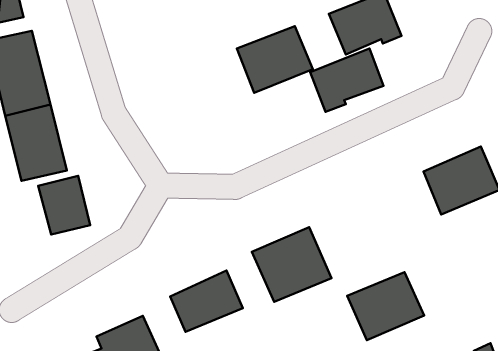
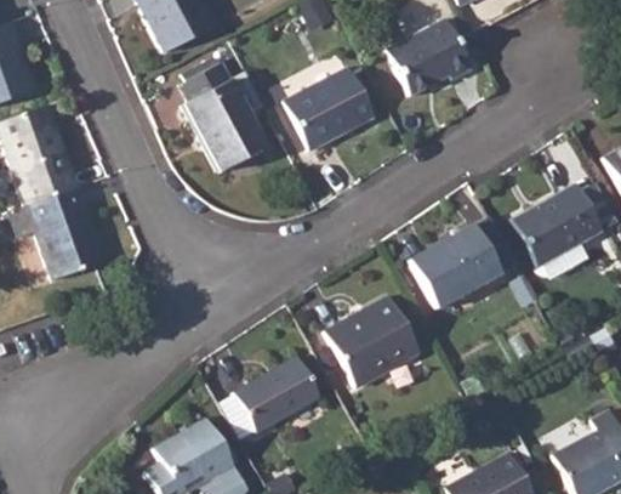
building: none -> [176,61,266,170]
building: [310,49,383,112] -> none
building: [38,176,90,235] -> none
building: [347,272,424,340] -> [410,225,501,307]

